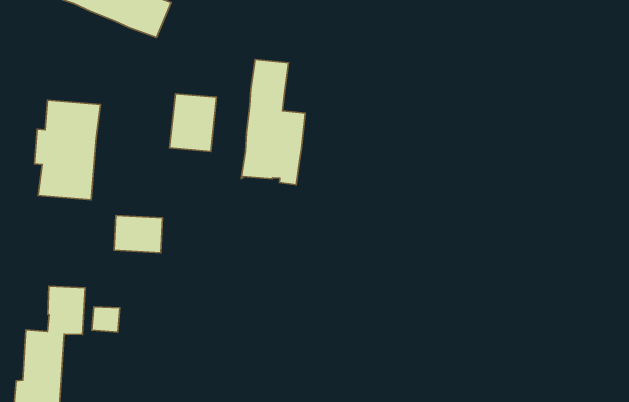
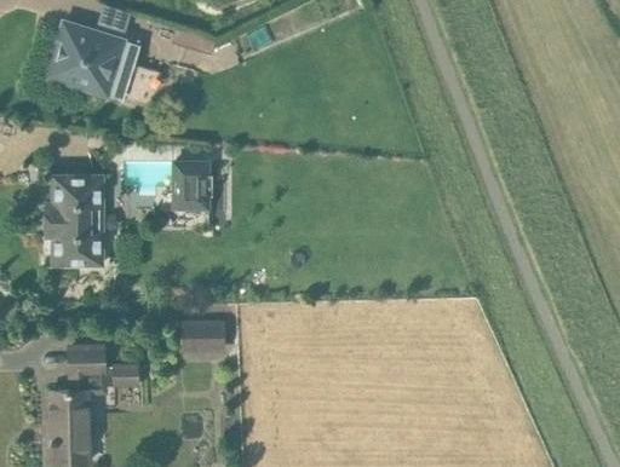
building: [241,60,305,185] -> none
building: [114,215,162,253] -> [179,319,224,353]

